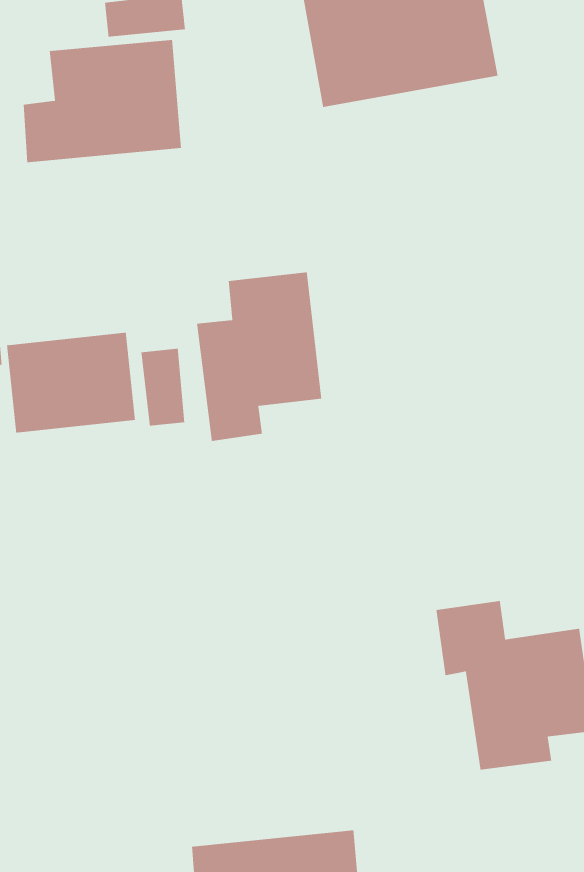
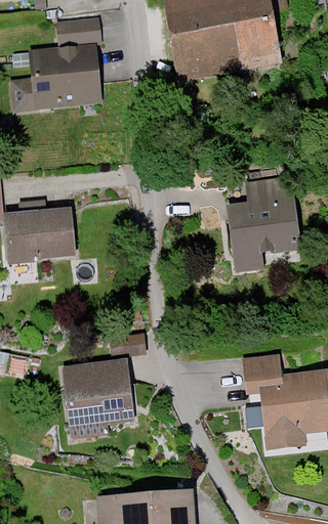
building: [196,271,322,442] -> [228,177,297,271]
building: [141,348,185,427] -> none
building: none -> [63,357,134,437]

